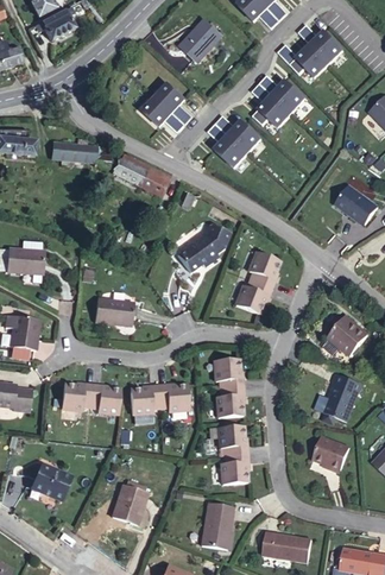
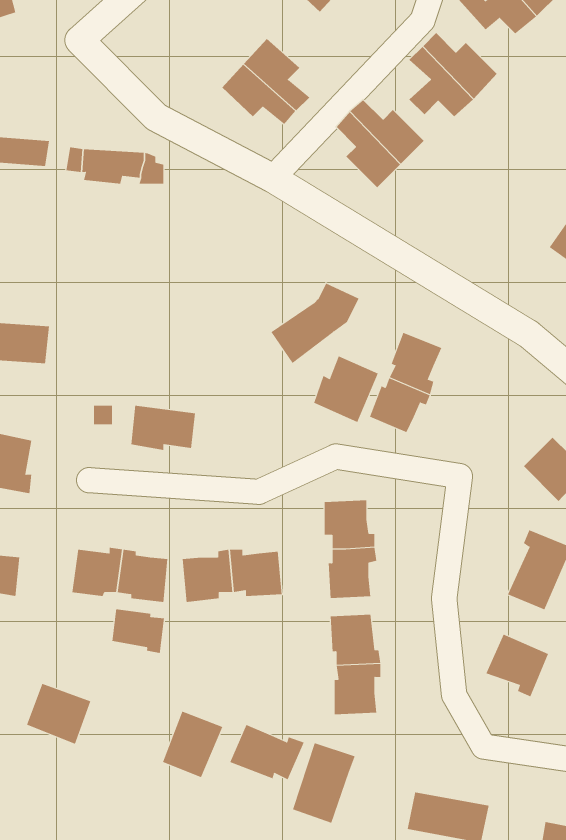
building: [116,159,171,196] -> none
building: none -> [313,356,378,423]
building: none -> [112,608,164,654]
building: none -> [229,724,305,780]

